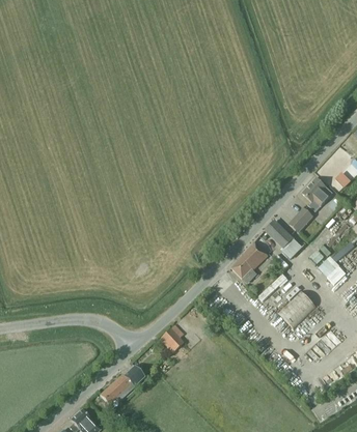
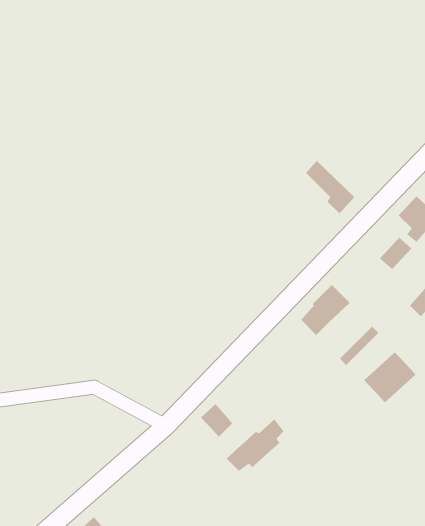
building: [266,221,302,260] -> [305,160,355,214]
building: [100,366,142,404] -> [226,418,285,471]

